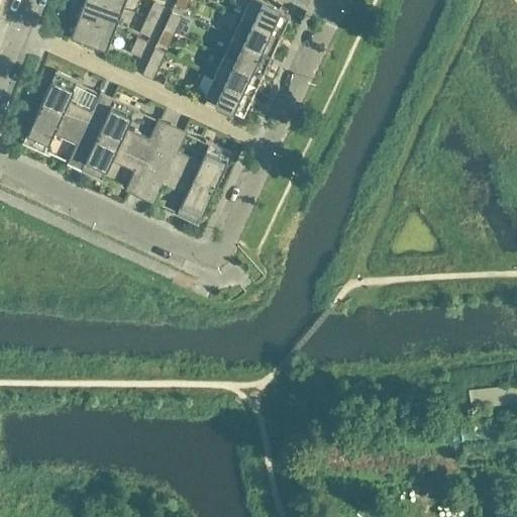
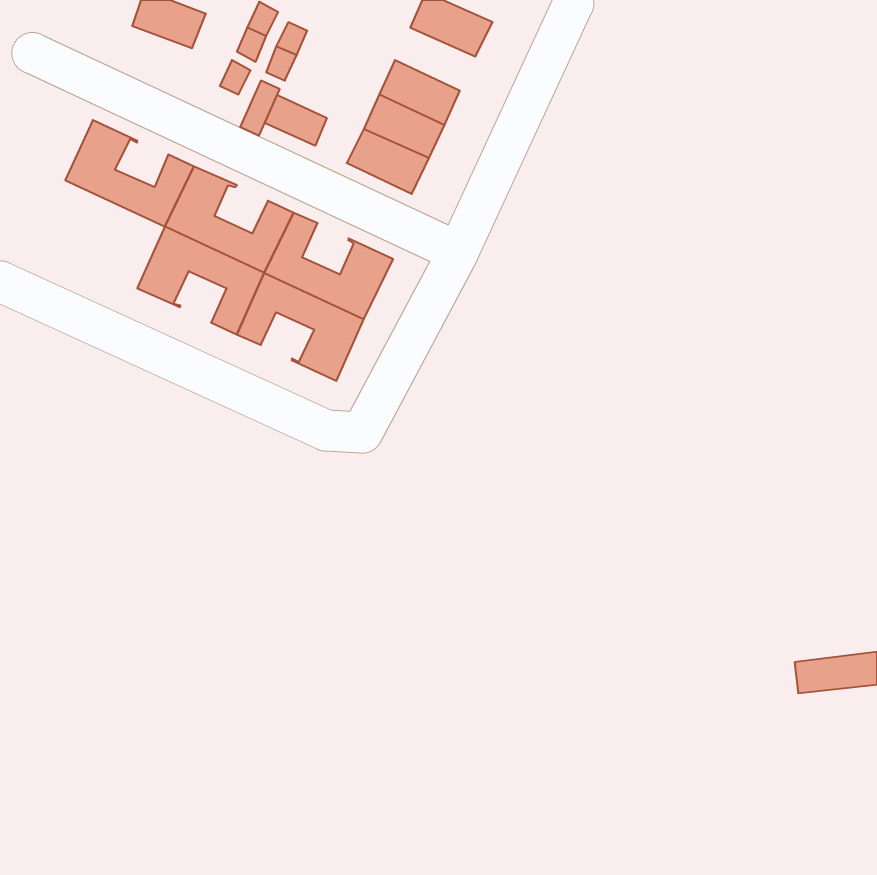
building: [70,16,113,50] -> none
building: [232,17,280,55] -> none
building: none -> [265,95,327,146]
building: [21,107,97,171] -> none

